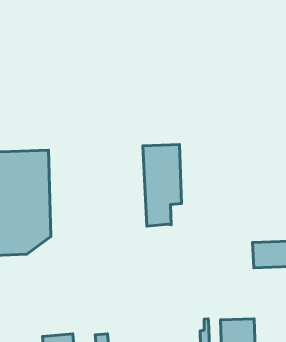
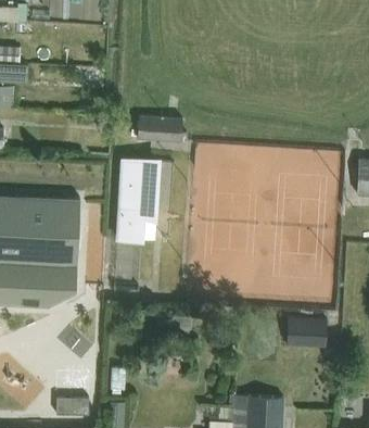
building: none -> [138,115,183,141]
building: [143,145,182,226] -> [118,158,161,244]

